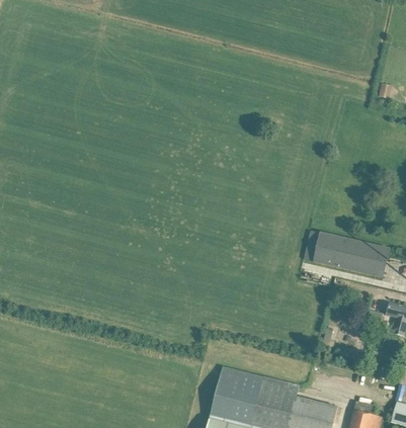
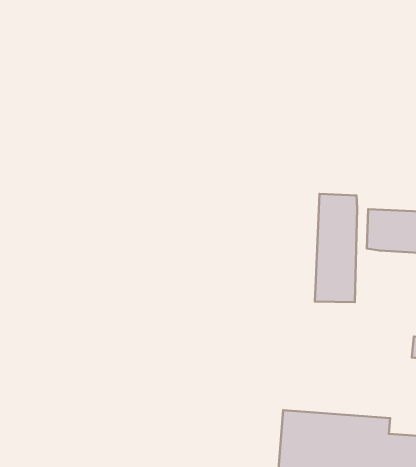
building: none -> [315,194,357,302]

